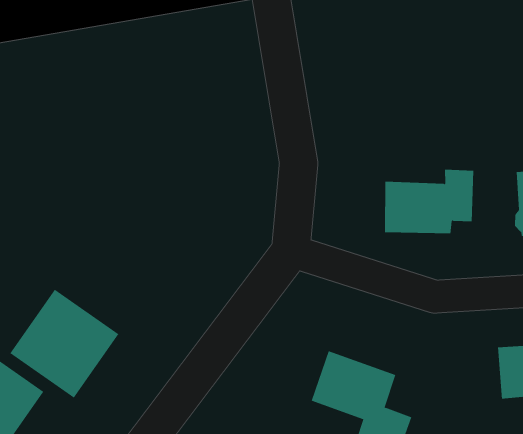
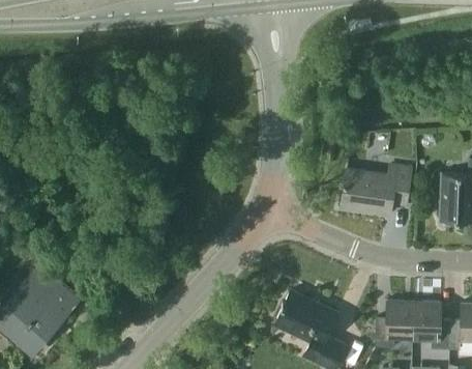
building: [10,289,119,399] -> none
building: none -> [375,299,414,346]

